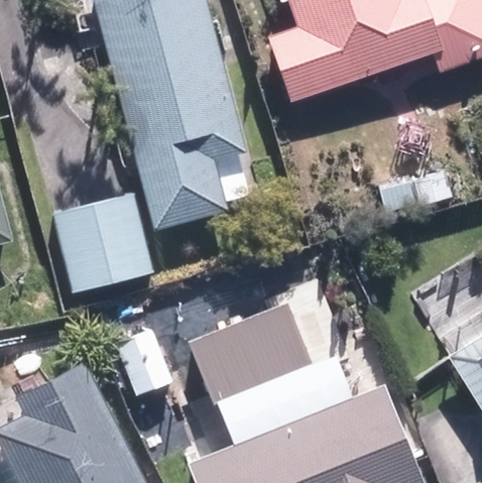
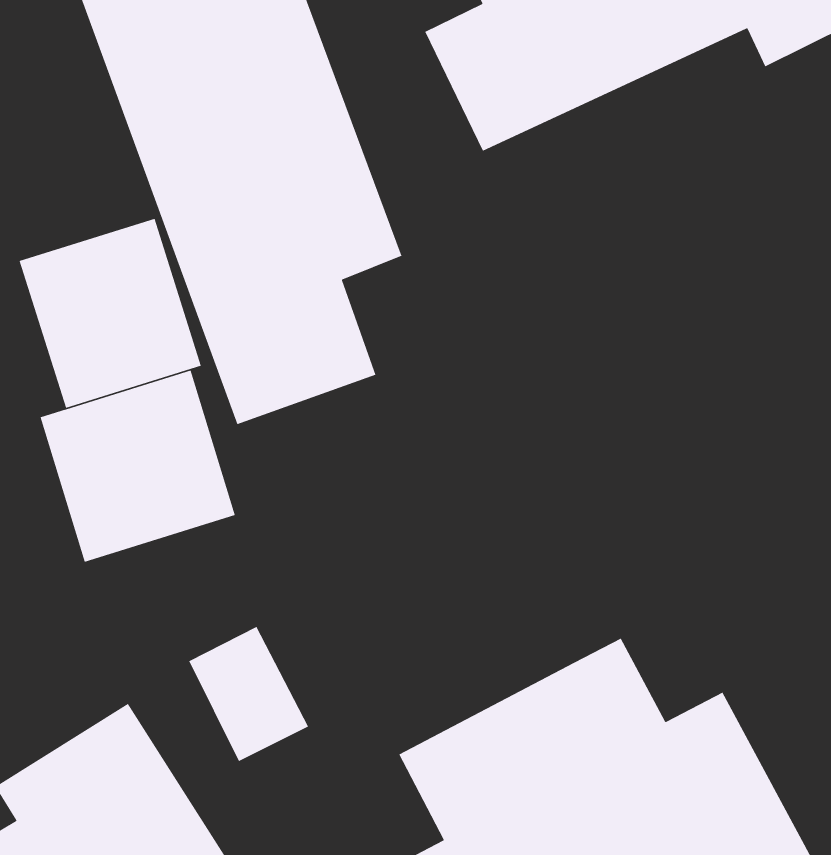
building: none -> [19,218,202,409]
building: [188,303,311,402] -> none

